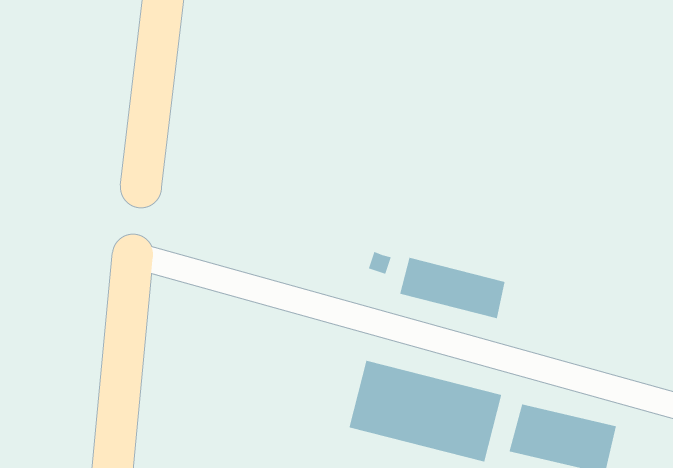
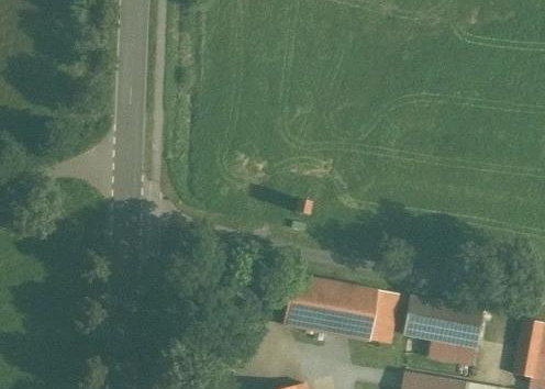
building: [399,257,506,319] -> none

